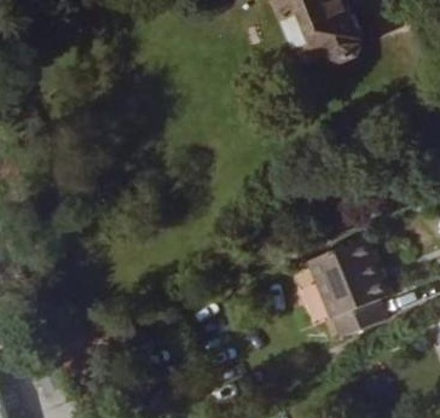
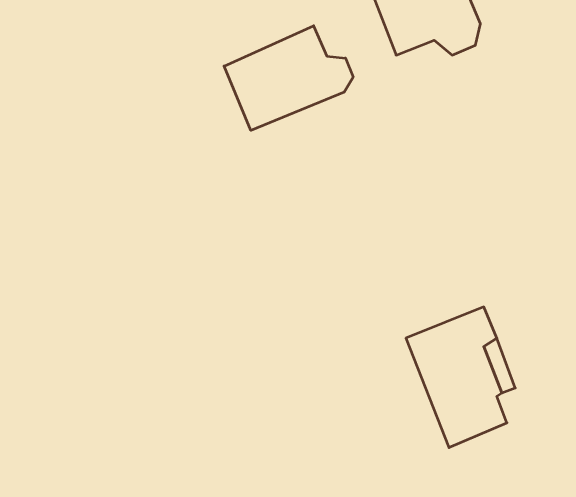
building: none -> [224,26,353,130]

